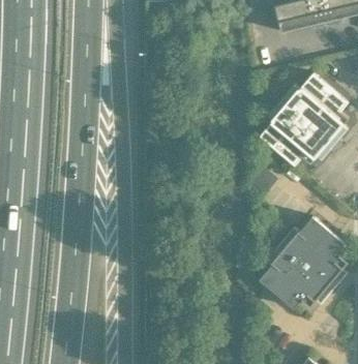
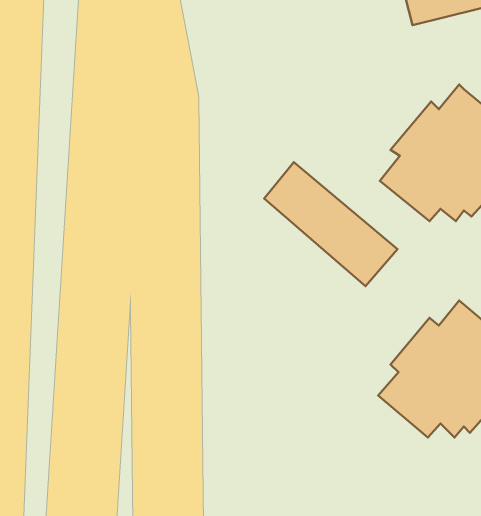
building: none -> [264,162,398,286]

